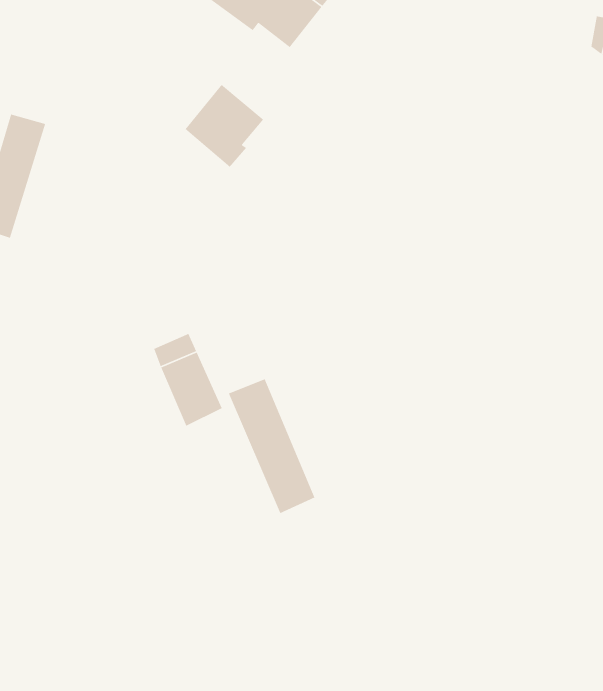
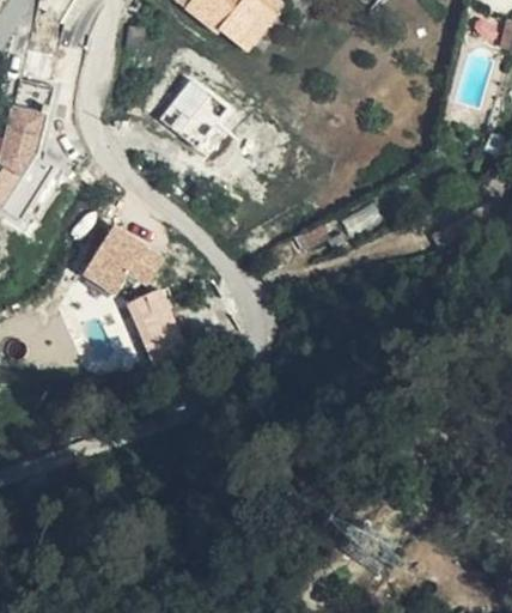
building: none -> [79,223,166,297]
building: [228,378,315,514] -> none

